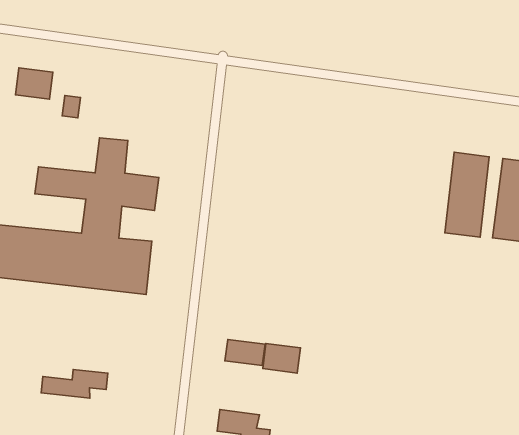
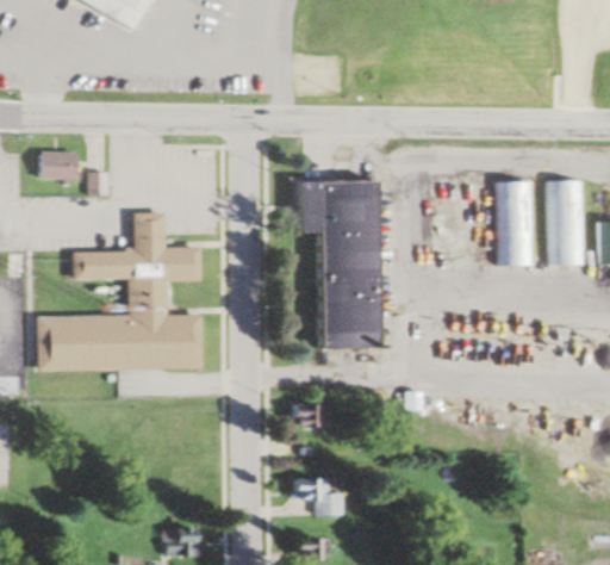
building: none -> [297,179,372,341]
building: [263,343,300,373] -> none
building: [41,370,108,398] -> none

